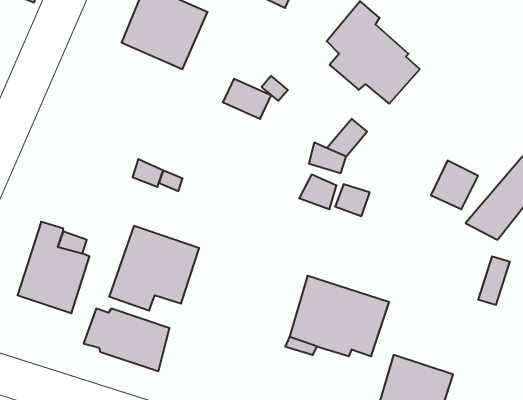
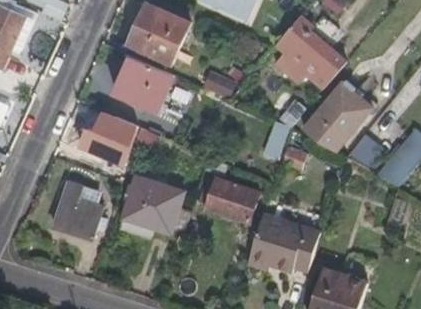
building: none -> [114,57,175,114]
building: none -> [303,81,372,152]
building: none -> [80,109,138,164]
building: [84,309,170,371] -> [195,177,257,222]

